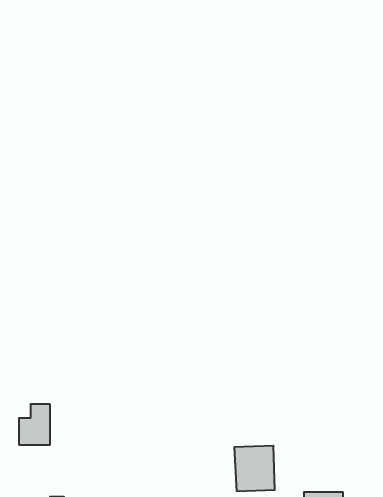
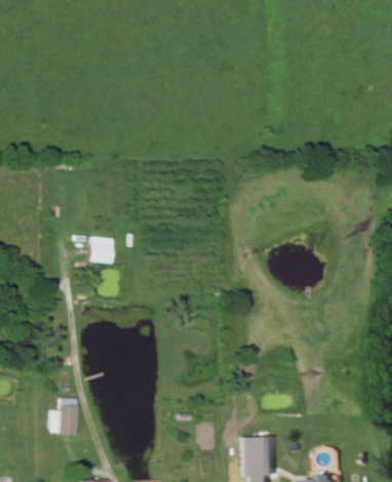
building: none -> [87,237,114,265]

